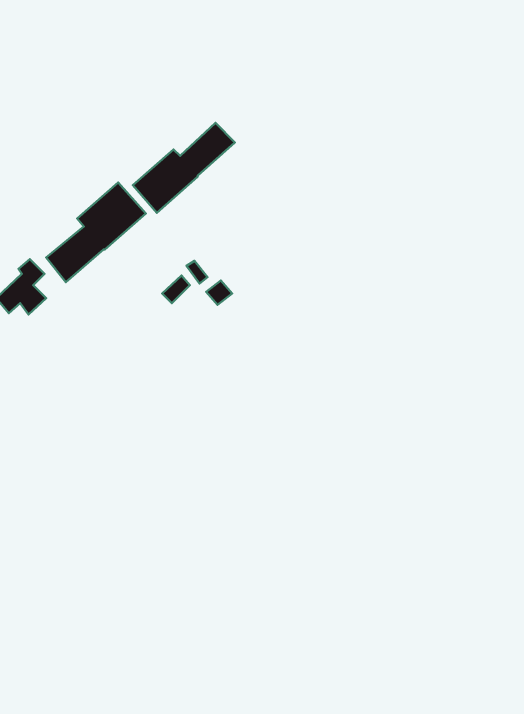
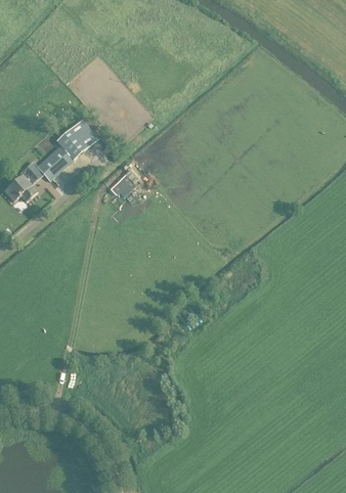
building: [133,123,235,213] -> none

